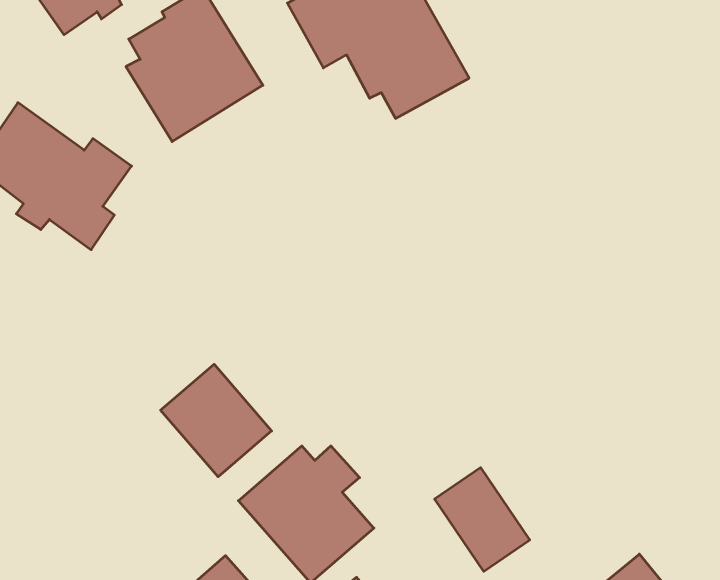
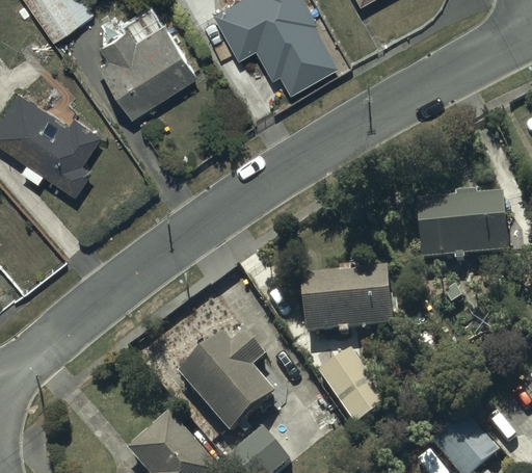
building: none -> [416,191,506,259]
building: none -> [301,264,391,332]
building: [161,364,272,477] -> none

